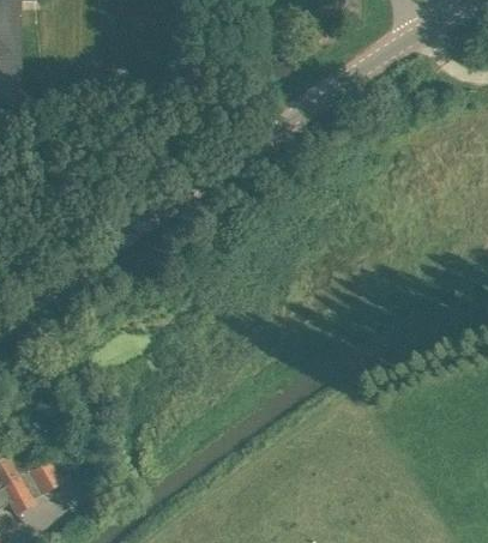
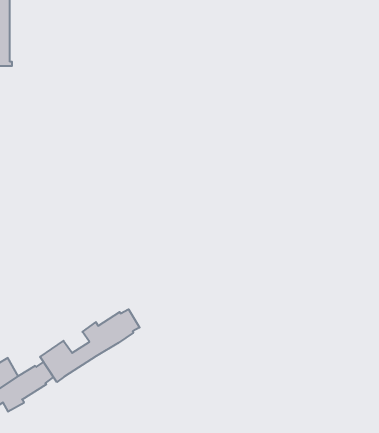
building: none -> [40,309,140,382]

